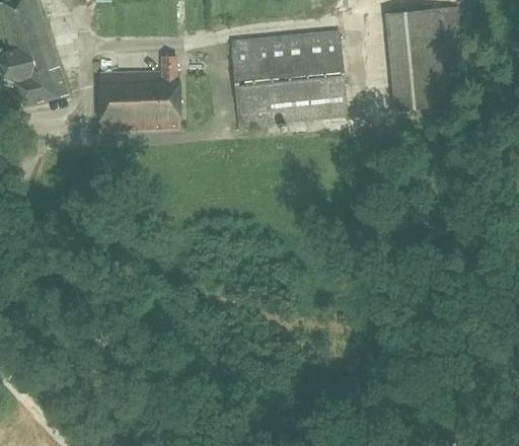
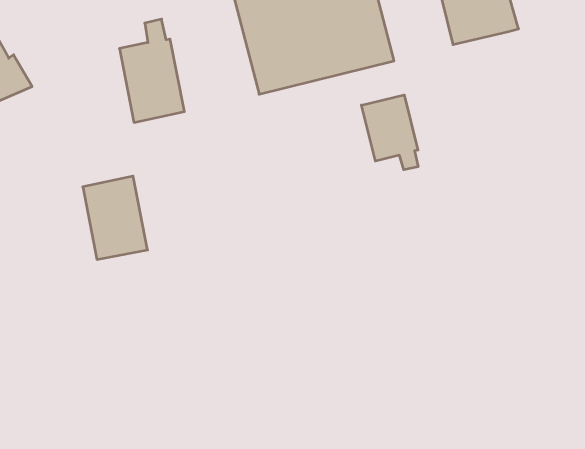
building: [100,72,142,131] -> [83,176,148,259]
building: none -> [361,95,418,170]

